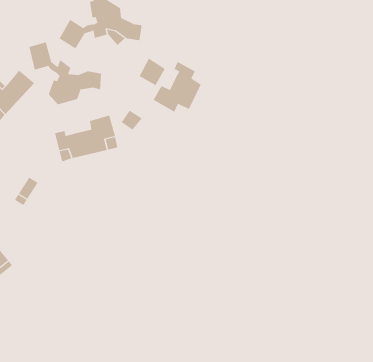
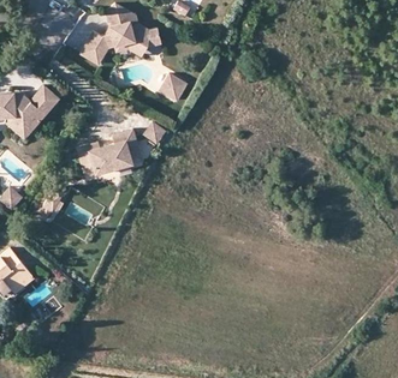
building: [29,41,102,105] -> none
building: [153,61,202,112] -> none

